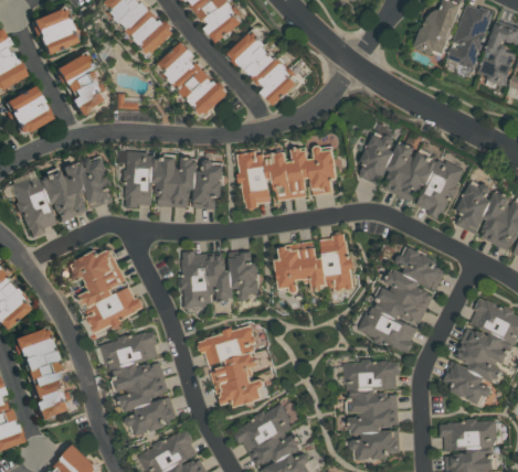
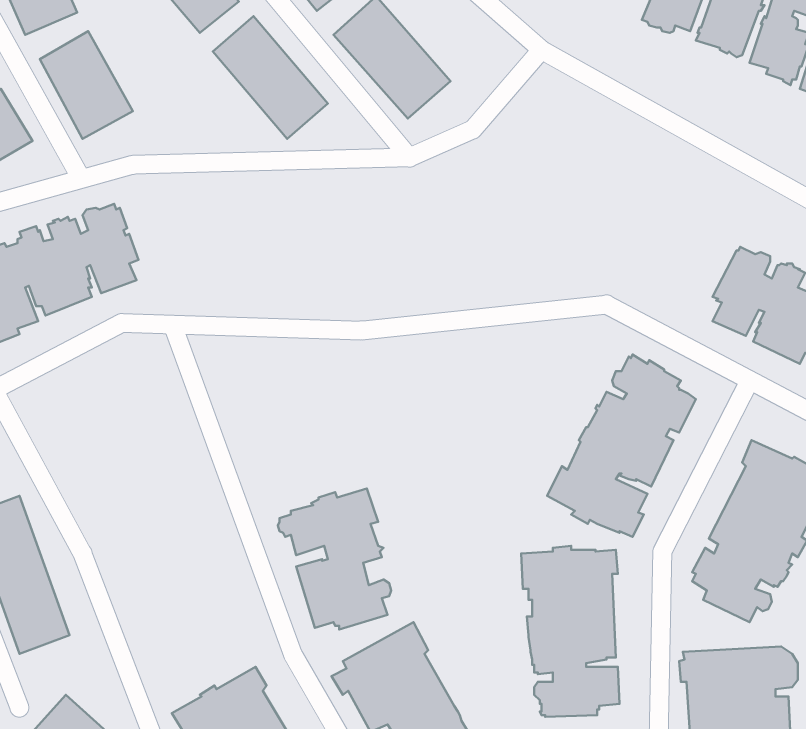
building: [359,131,465,218] -> none
building: [237,146,338,208] -> none
building: [118,150,224,208] -> none
building: [275,234,353,293] -> none
building: [70,249,142,333] -> none
building: [181,250,260,308] -> none
building: [98,330,177,436] -> none

